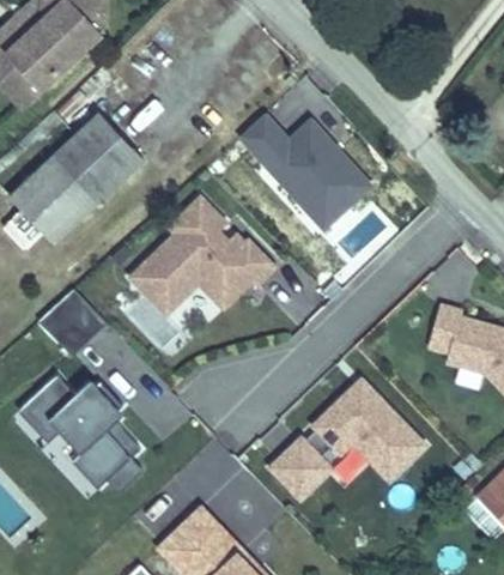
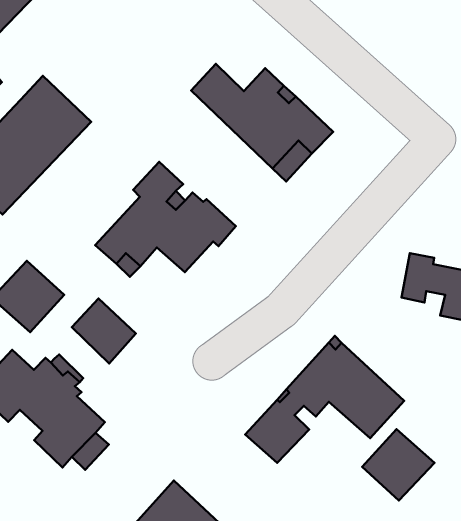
building: none -> [72,299,136,363]
building: none -> [362,429,434,501]

